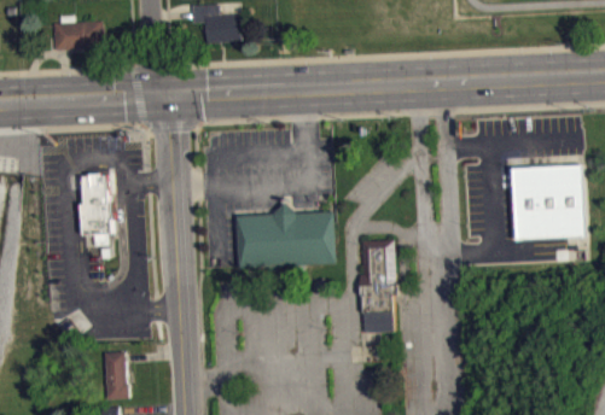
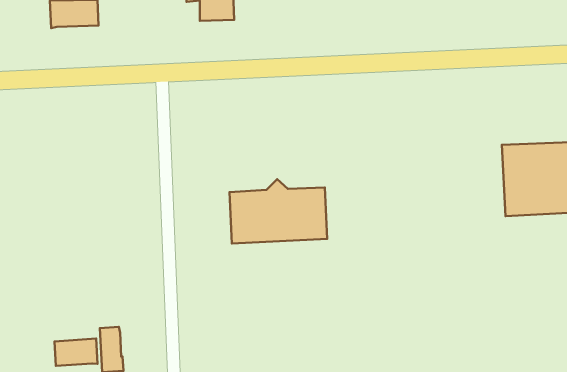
building: [82,174,115,235] -> none
building: [361,240,395,333] -> none
building: none -> [54,339,97,366]

